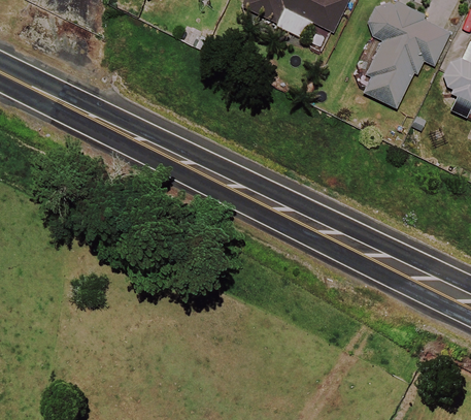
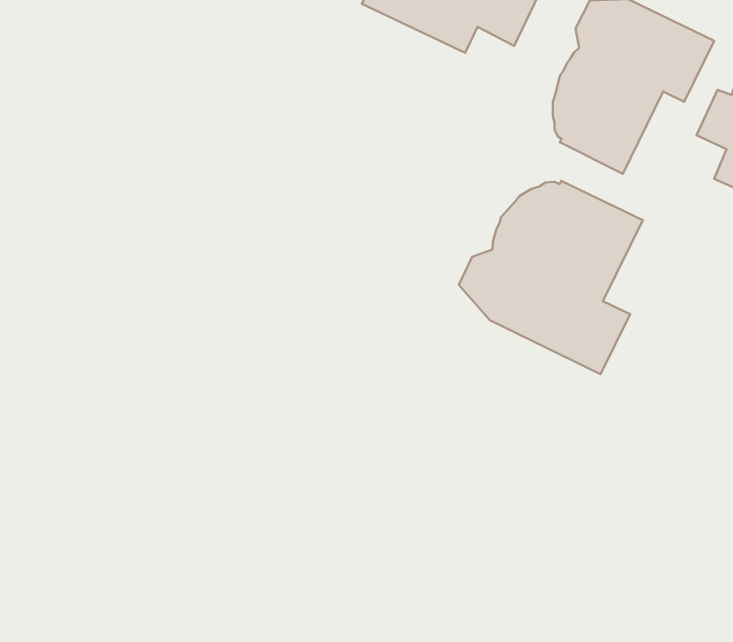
building: none -> [459,181,643,374]

